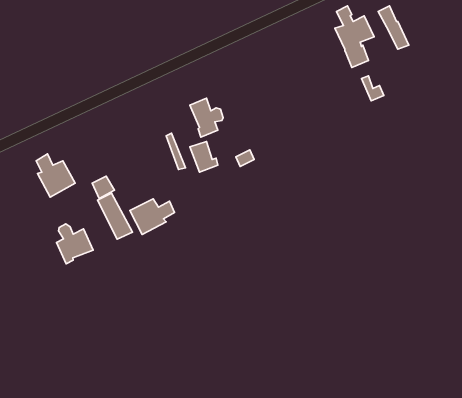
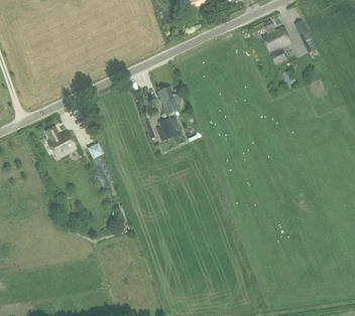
building: [130,199,175,235] -> none
building: [56,224,93,264] -> none

